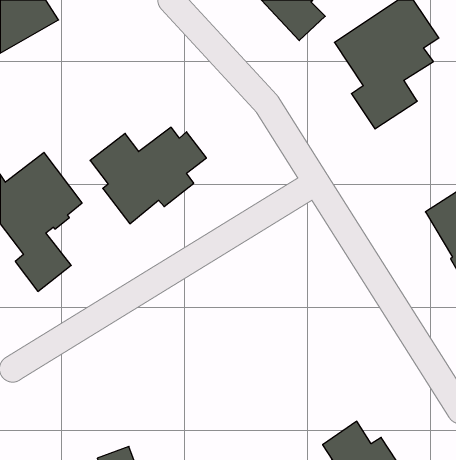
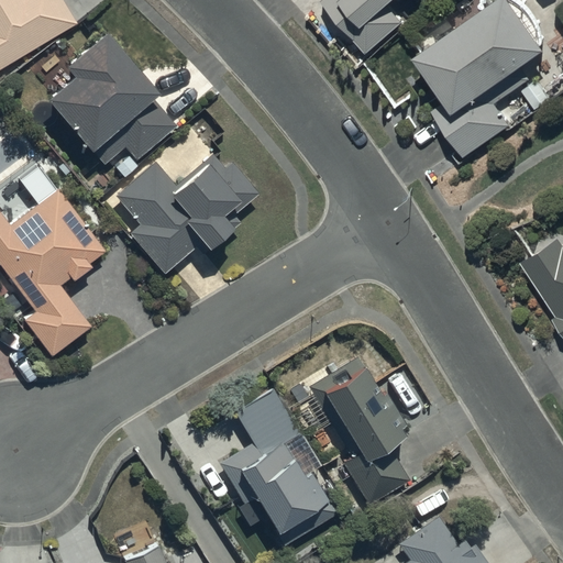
building: none -> [43,33,174,166]
building: none -> [312,353,413,505]
building: none -> [221,386,336,545]

